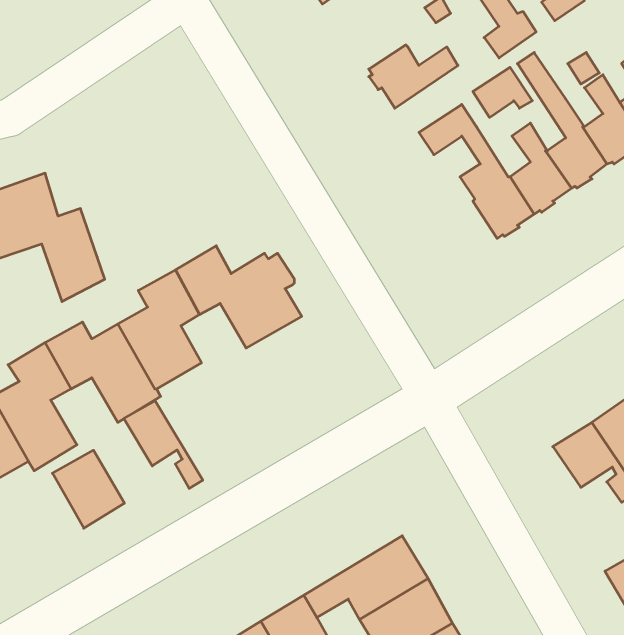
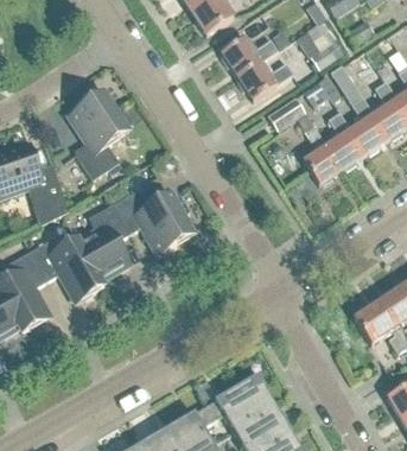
building: none -> [221,36,278,75]
building: none -> [69,91,132,177]
building: [124,401,203,488] -> none
building: [52,450,124,528] -> none

